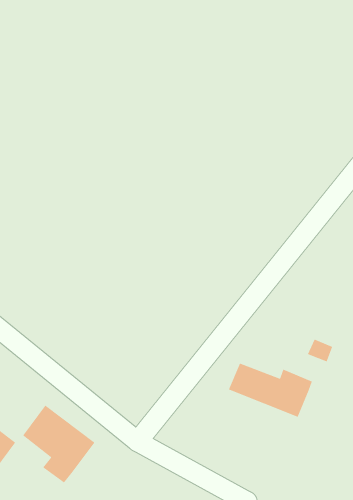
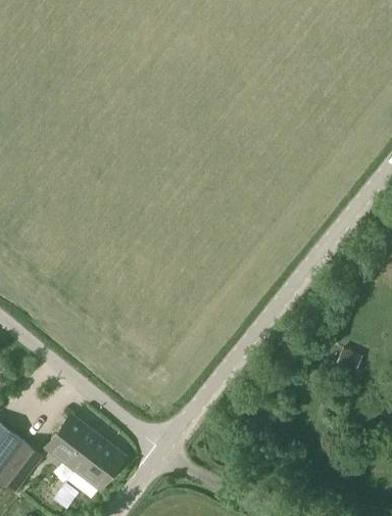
building: [228,362,313,418] -> none

